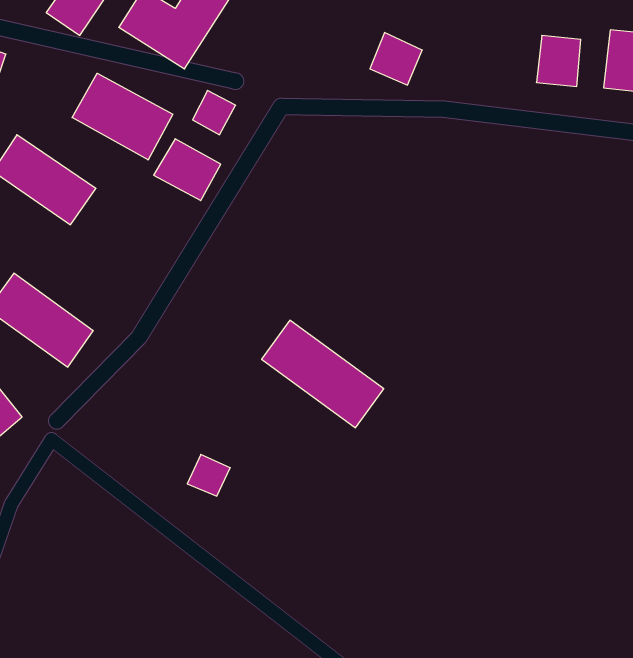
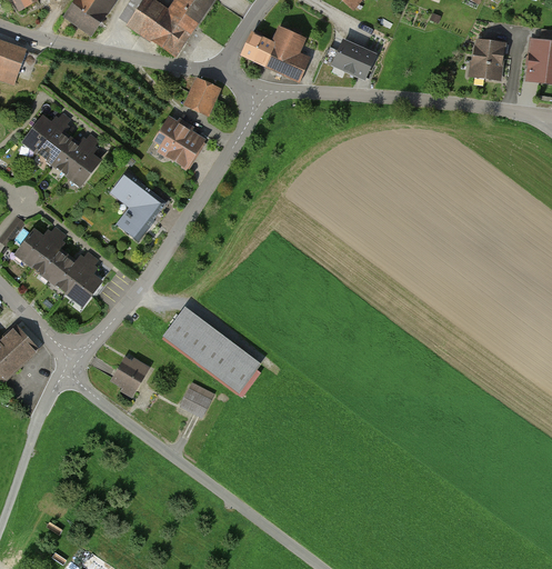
building: none -> [241,20,313,74]
building: [72,73,173,160] -> none
building: none -> [109,178,162,242]
building: [262,320,384,428] -> [165,307,267,396]
building: none -> [111,353,152,395]

